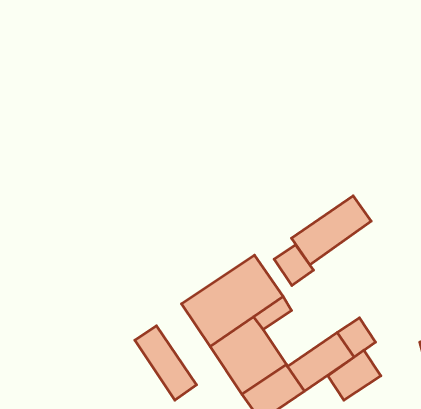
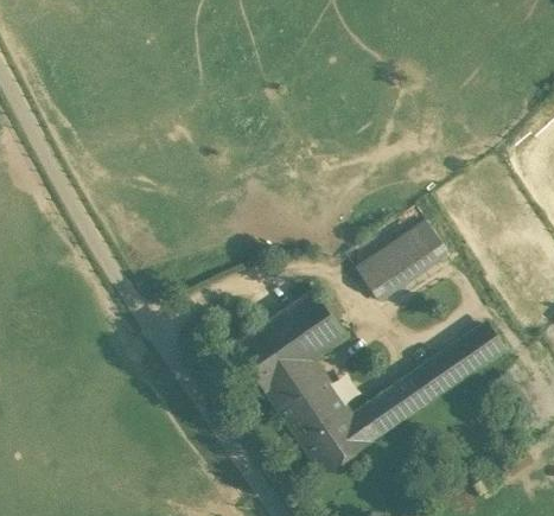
building: [274,245,314,286] -> none
building: [135,326,197,400] -> none
building: [328,350,381,400] -> [433,331,492,387]

